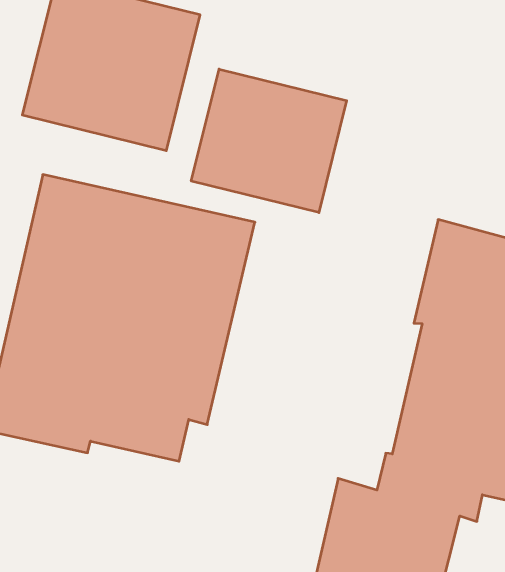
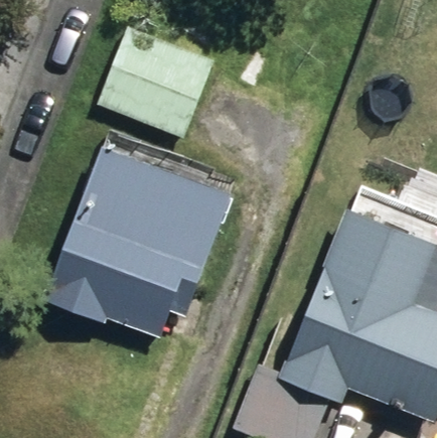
building: [191,69,347,213] -> none

